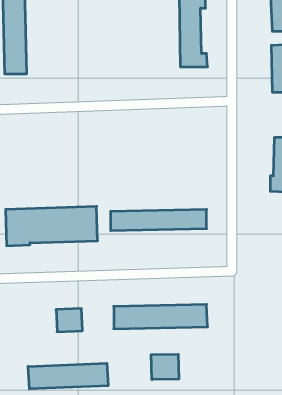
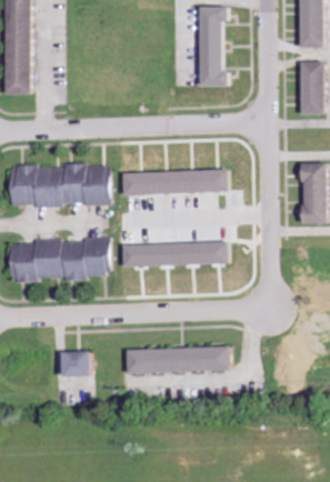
building: none -> [7,164,109,207]
building: none -> [122,169,229,194]
building: [151,354,179,380] -> none
building: [28,363,108,389] -> none

